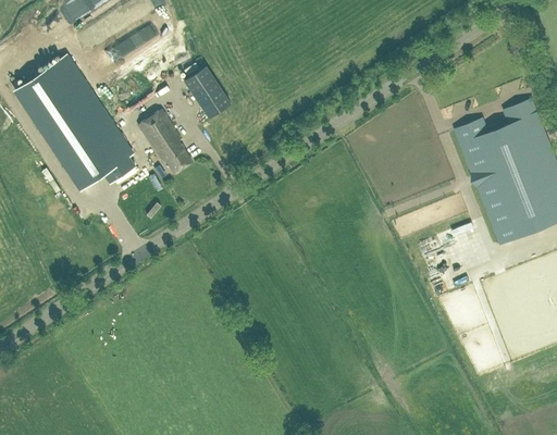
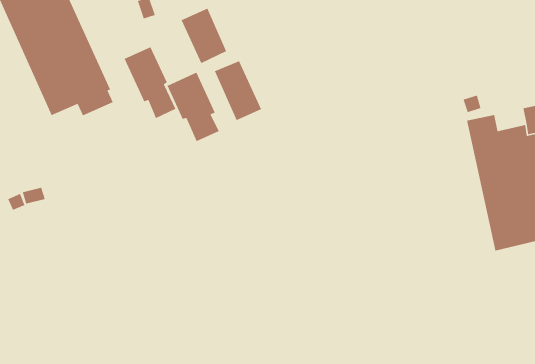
building: none -> [214,60,262,121]
building: none -> [167,71,220,142]

